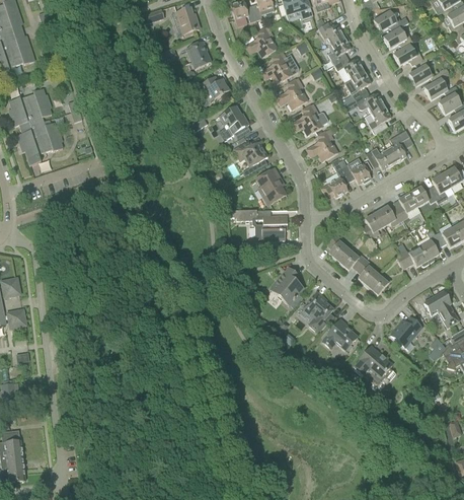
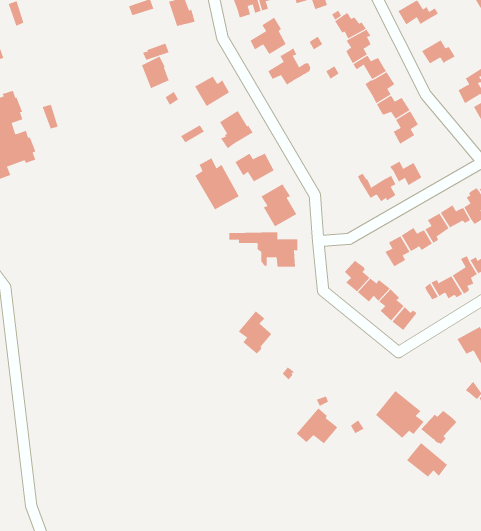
building: [383,21,413,54] -> none
building: [186,40,211,68] -> [141,56,169,89]
building: [408,57,433,85] -> none
building: [276,77,308,109] -> none
building: [291,102,328,135] -> none
building: [306,126,338,160] -> none
building: [386,130,413,162] -> none
building: none -> [195,157,239,210]
building: [321,158,350,198] -> none
building: [274,267,303,304] -> [238,310,272,354]
building: [302,290,333,333] -> none
building: [391,317,422,347] -> [421,410,457,444]
building: [321,318,358,350] -> [296,408,338,444]
building: none -> [406,442,448,477]

